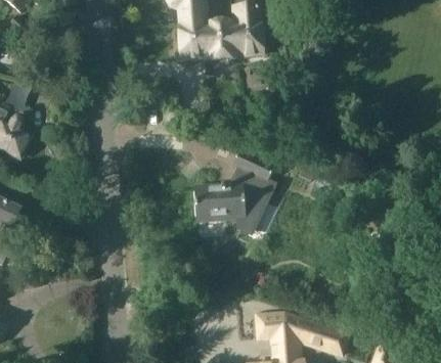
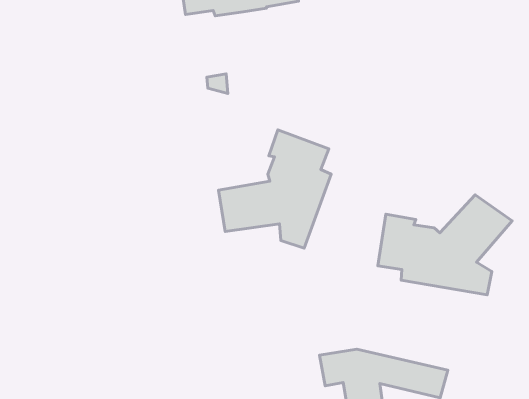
building: none -> [378,195,512,295]

